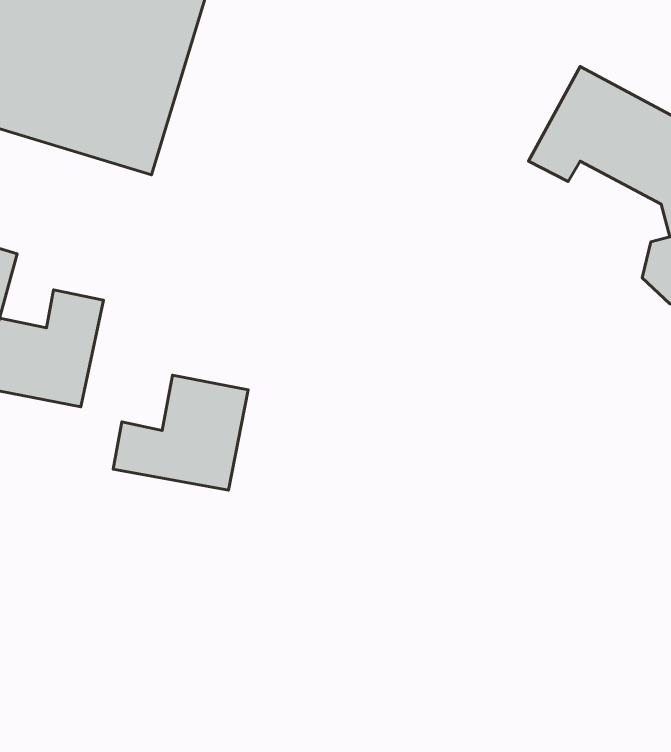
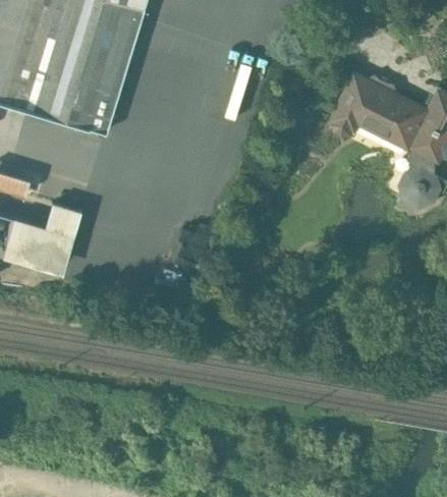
building: [113,375,248,490] -> none

